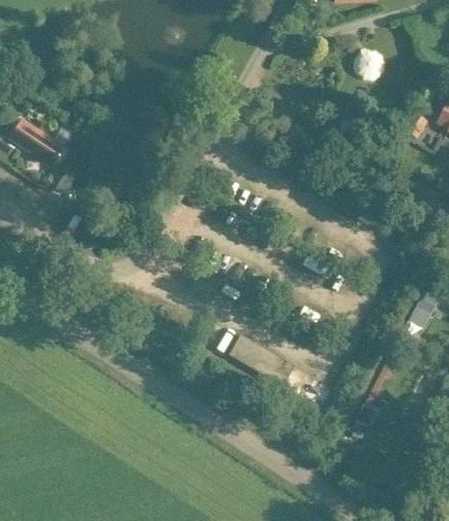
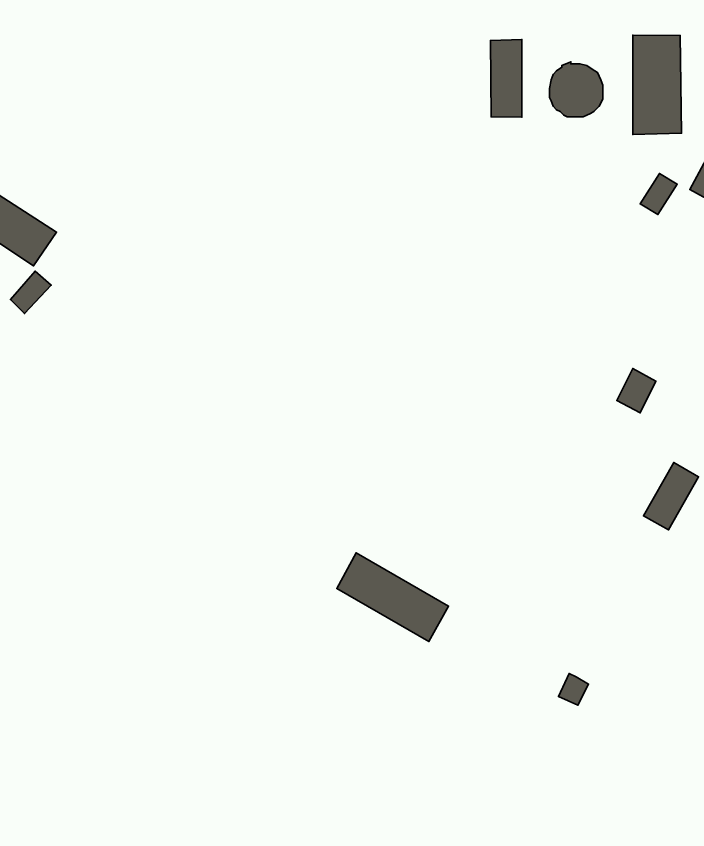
building: none -> [633,35,681,135]
building: none -> [491,39,522,117]

